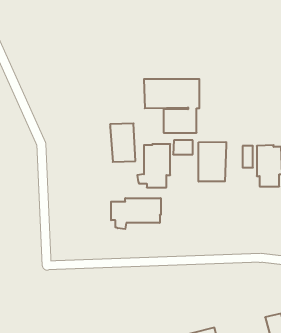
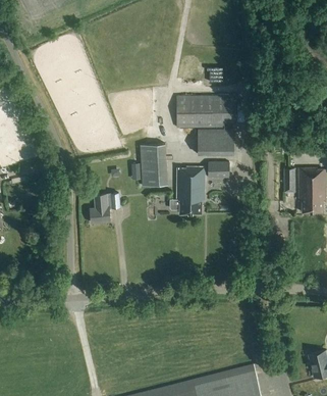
building: [199,142,226,182] -> none
building: none -> [90,193,119,222]
building: [111,198,161,229] -> none

